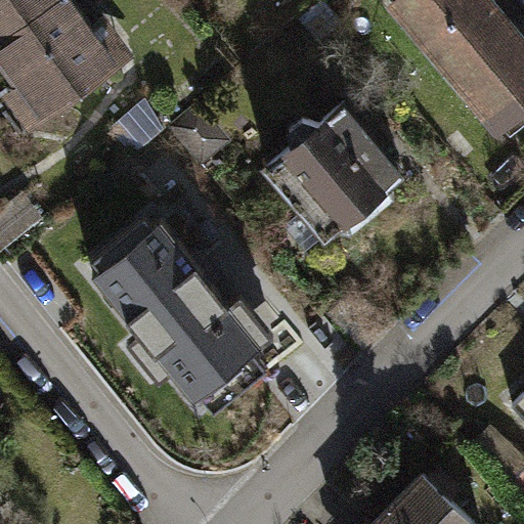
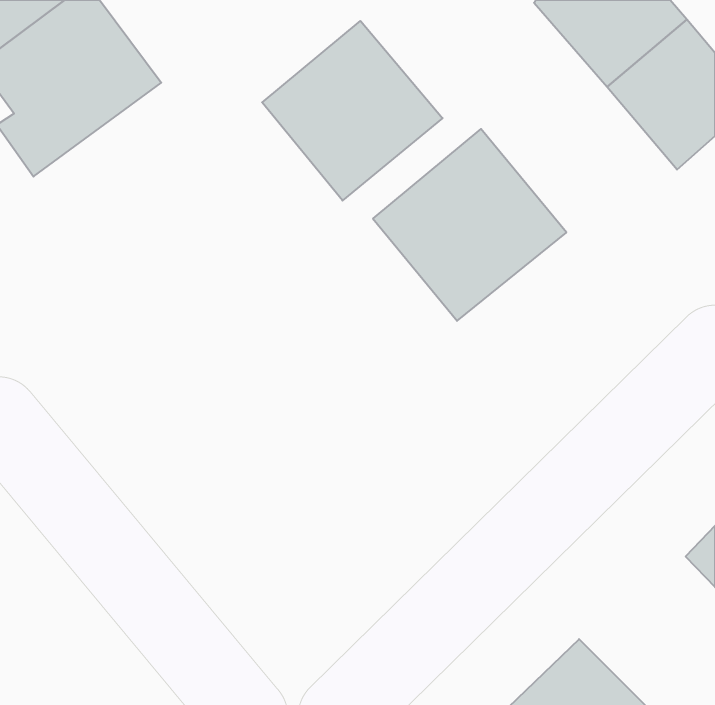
building: none -> [262,21,443,201]
building: [78,195,273,401] -> none

